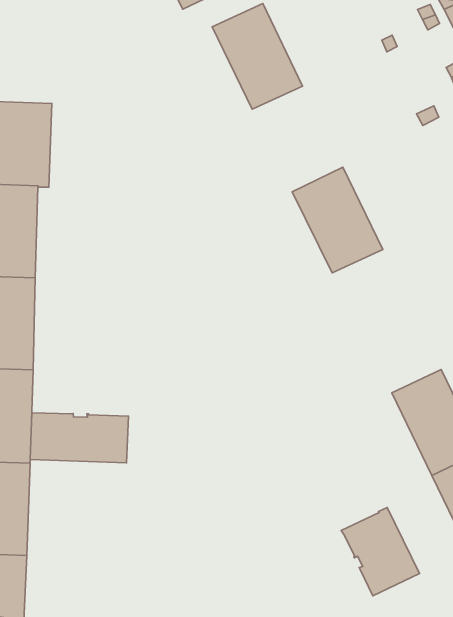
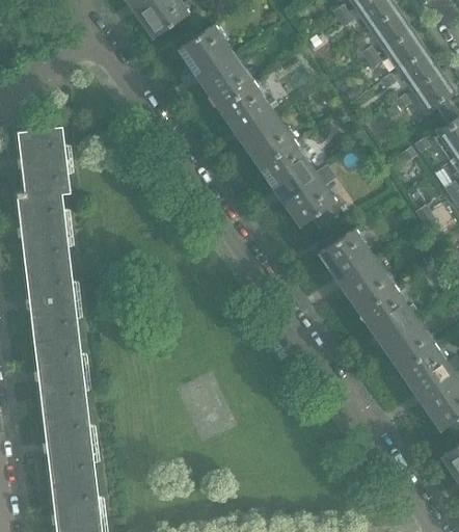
building: none -> [218,84,295,167]
building: none -> [319,229,395,312]
building: [30,413,128,463] -> none
building: [341,507,419,596] -> none

